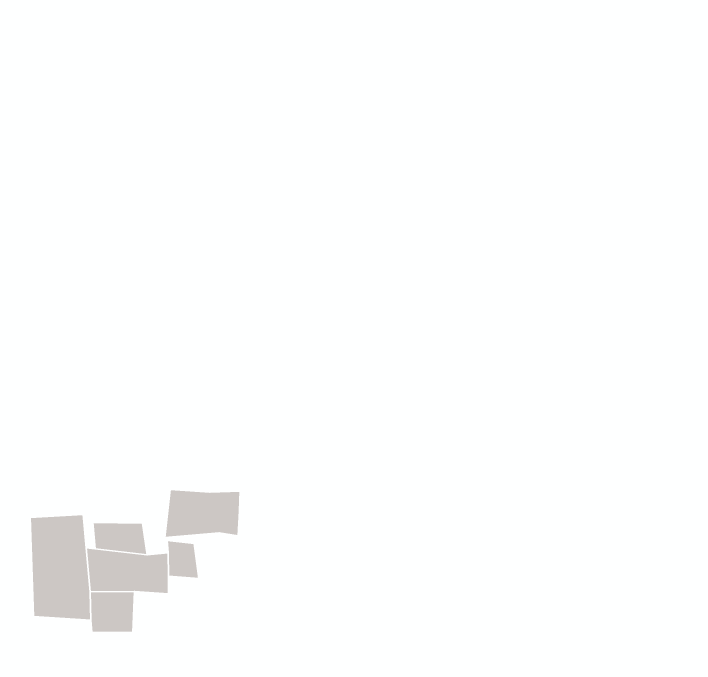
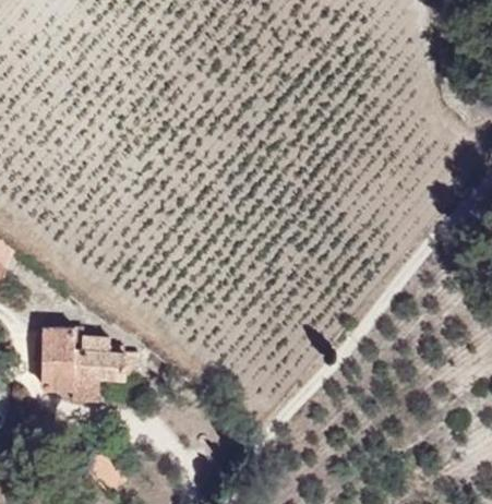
building: [165,490,240,538] -> none

